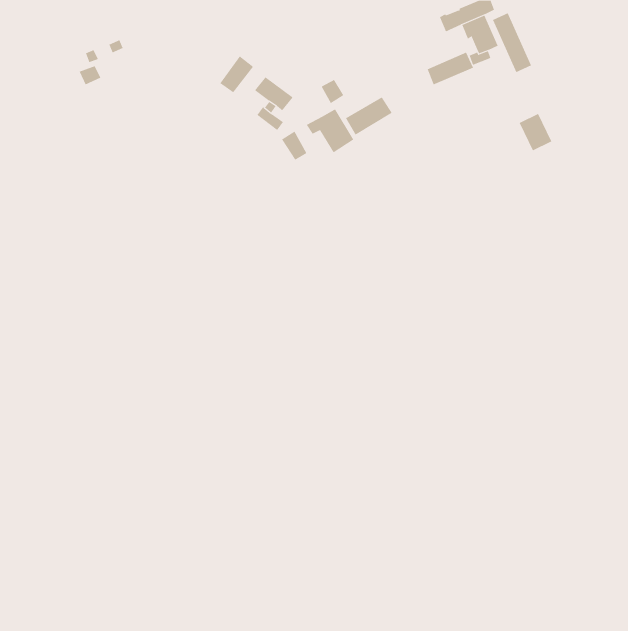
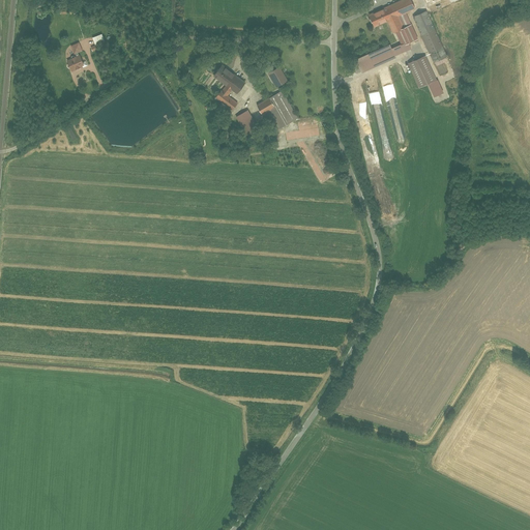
building: [219,56,254,93] -> none
building: [345,96,393,136] -> none
building: [519,113,552,151] -> [409,55,437,87]

